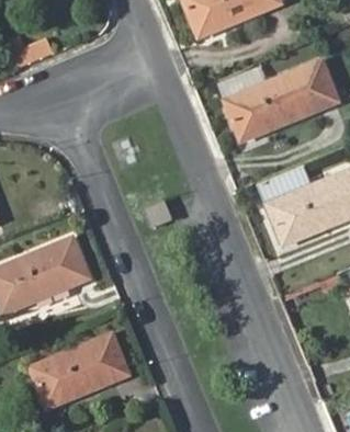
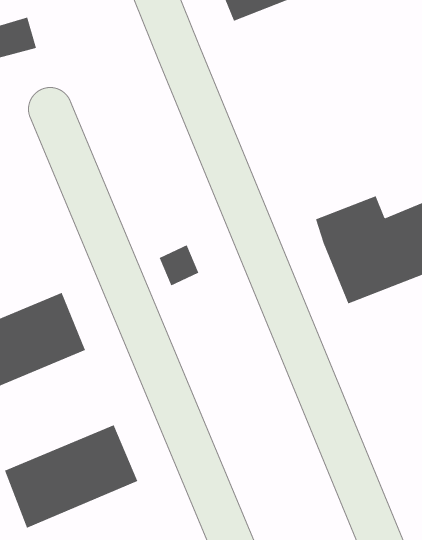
building: [225,66,325,140] -> none

